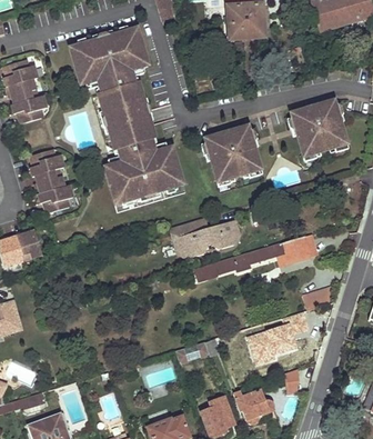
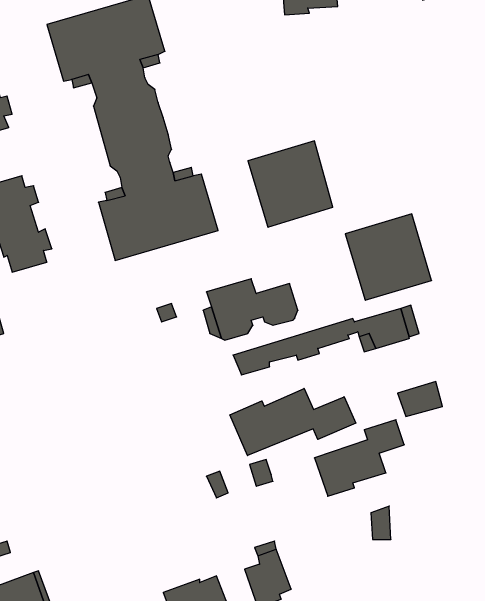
building: [290,99,347,157] -> [345,214,432,300]
building: none -> [230,388,356,456]
building: [235,395,274,425] -> none

